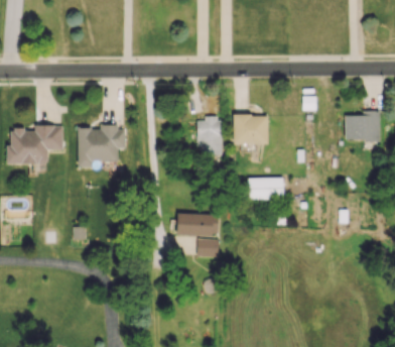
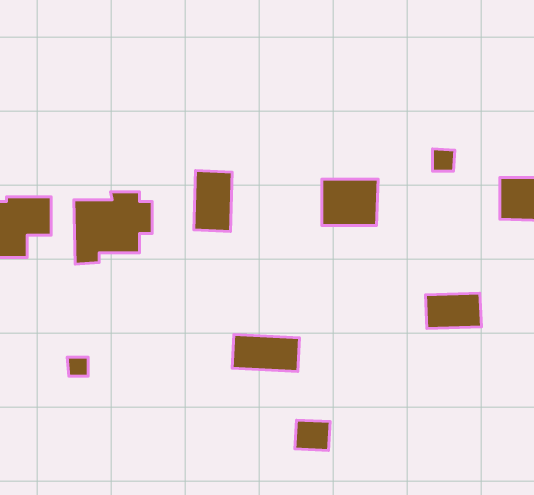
building: [198,118,222,156] -> [194,171,232,231]
building: [248,178,283,200] -> [425,293,481,328]
building: [196,238,219,257] -> [295,420,330,450]

